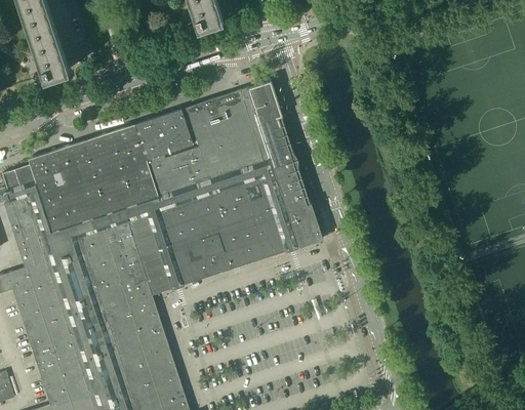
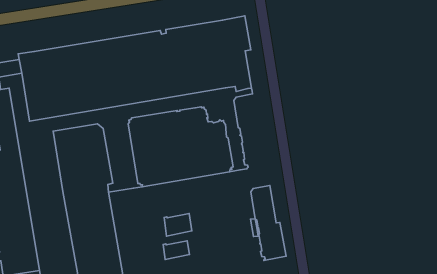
building: [273,164,322,247] -> [251,185,286,260]
building: none -> [164,214,192,236]
building: none -> [163,241,189,260]

